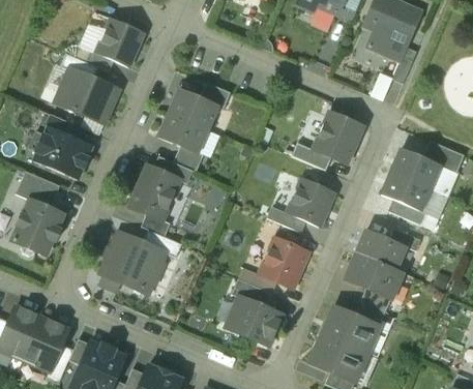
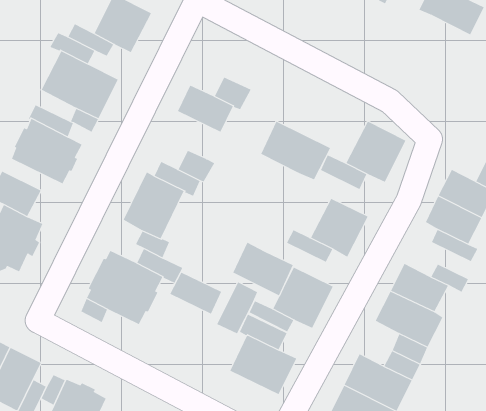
building: [367,21,411,60] -> none
building: [159,113,207,151] -> none
building: none -> [260,121,331,180]
building: none -> [233,242,294,296]
building: none -> [170,272,222,315]
building: none -> [217,282,258,334]

